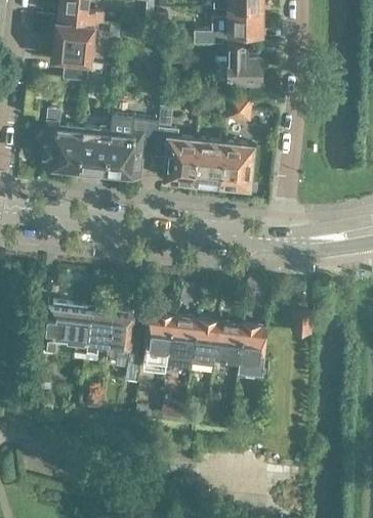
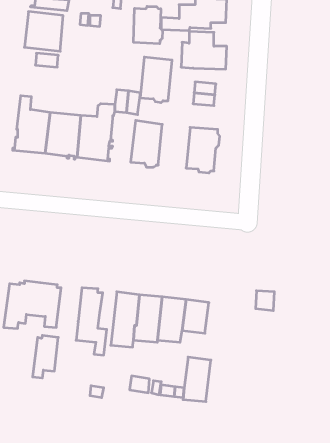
building: none -> [134,6,162,44]
building: [191,141,223,188] -> [140,57,172,103]
building: [85,308,112,352] -> [33,335,58,378]
building: [238,326,266,372] -> [183,357,211,402]

